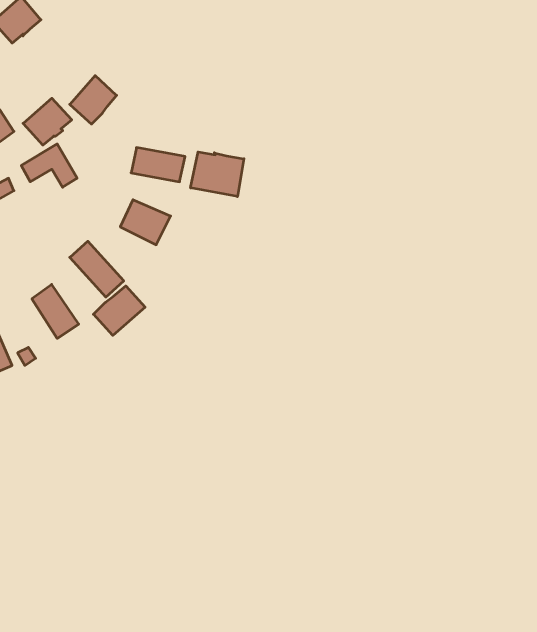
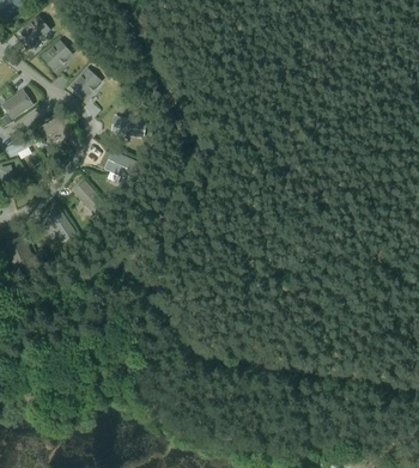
building: [23,98,72,145] -> [41,39,73,71]
building: [191,152,244,197] -> none
building: [93,286,145,335] -> none

